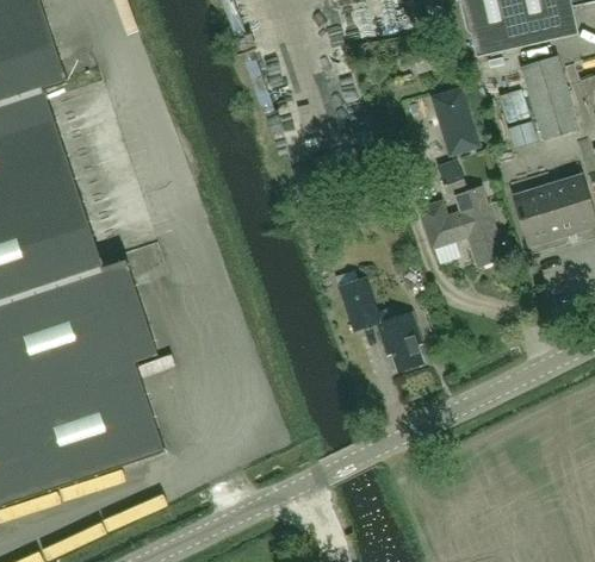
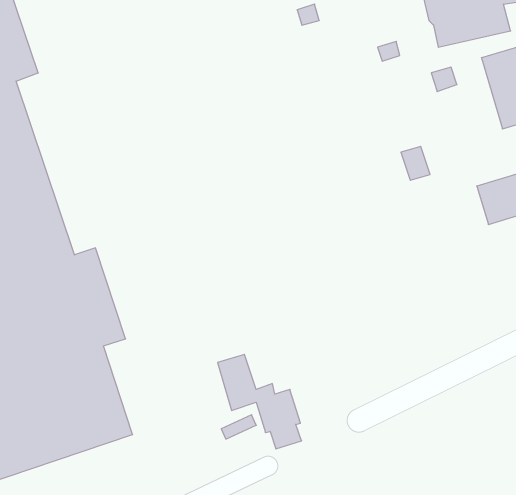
building: [429,86,481,157] -> none
building: [420,192,502,266] -> none
building: [337,275,423,371] -> [218,354,302,449]

